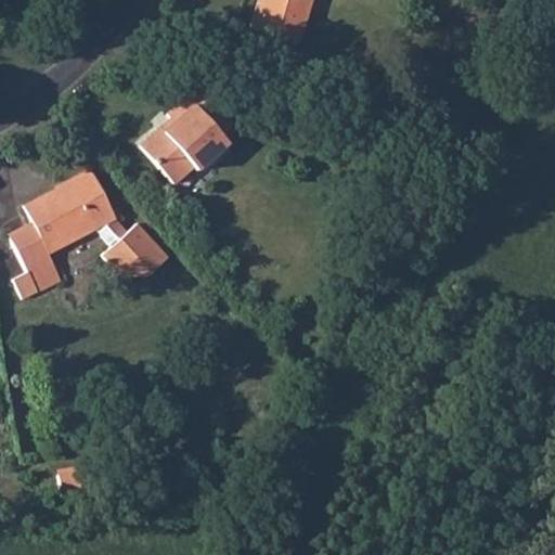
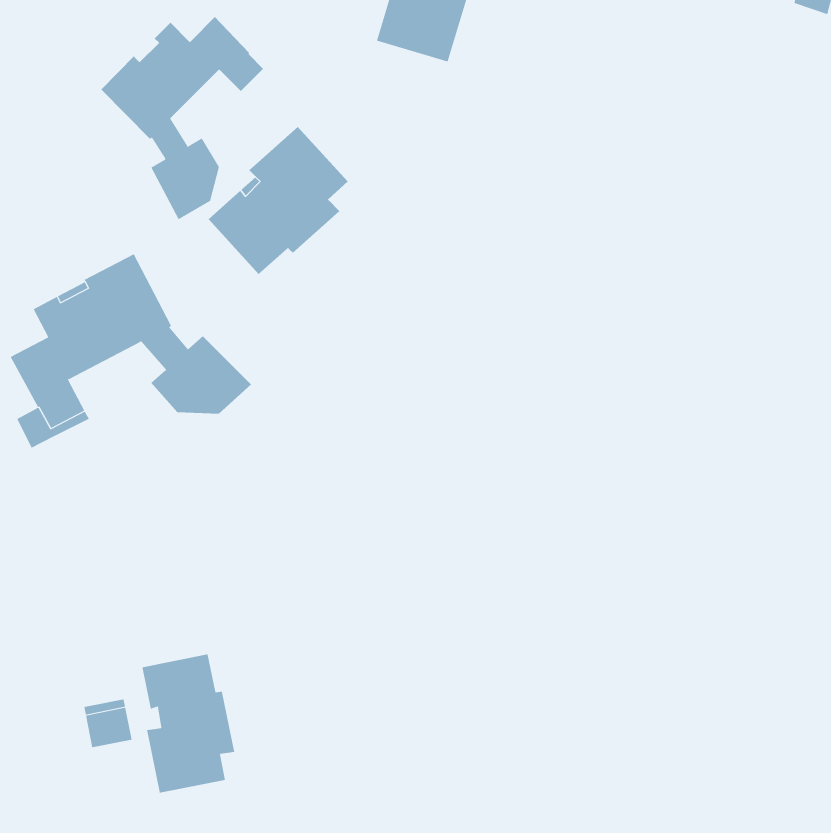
building: none -> [100,16,264,220]
building: none -> [142,654,235,794]

